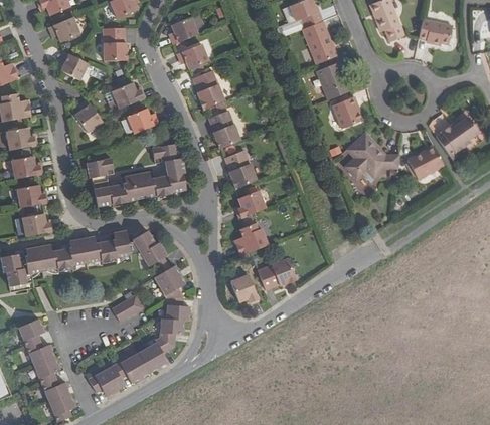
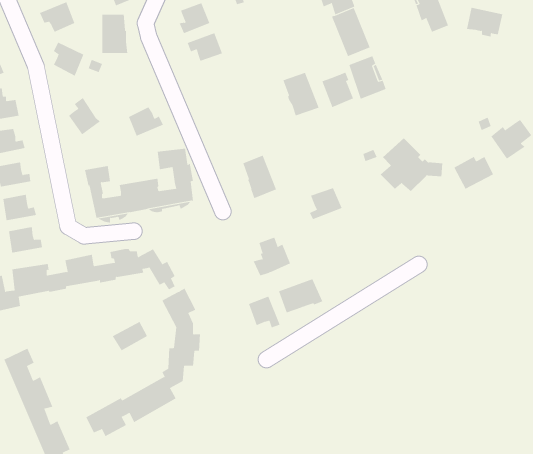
building: [194,69,223,109] -> none
building: [112,82,144,109] -> none
building: [334,98,362,130] -> [322,72,354,108]
building: [209,110,241,148] -> [283,72,319,116]
building: [237,189,267,217] -> [309,187,343,220]

